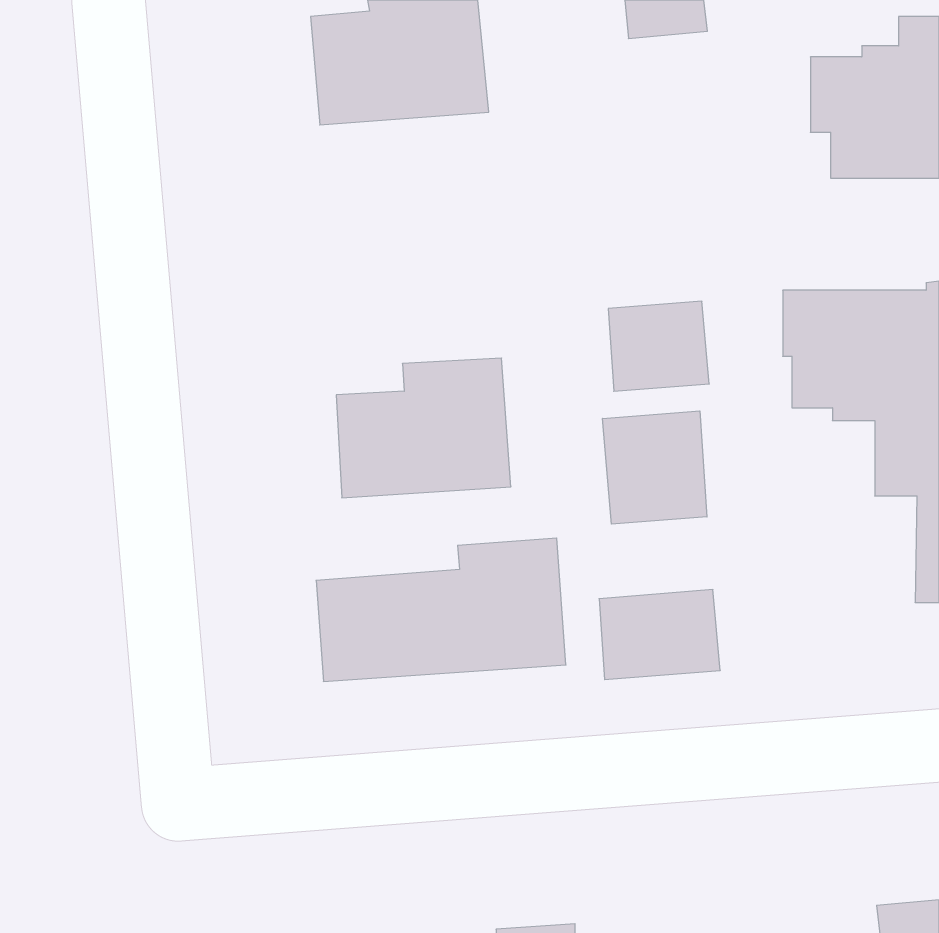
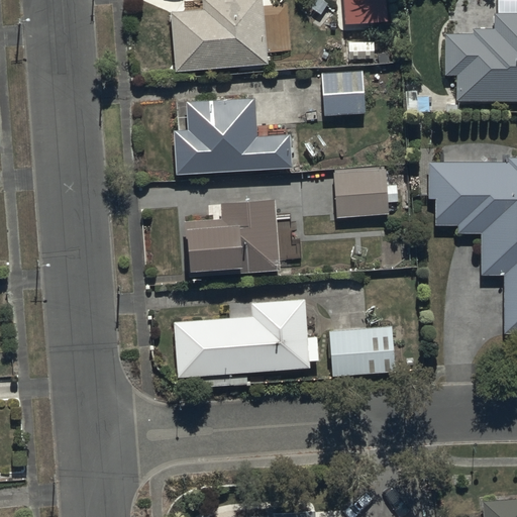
building: none -> [321,77,366,123]
building: none -> [174,97,292,175]
building: [603,411,707,524] -> none

